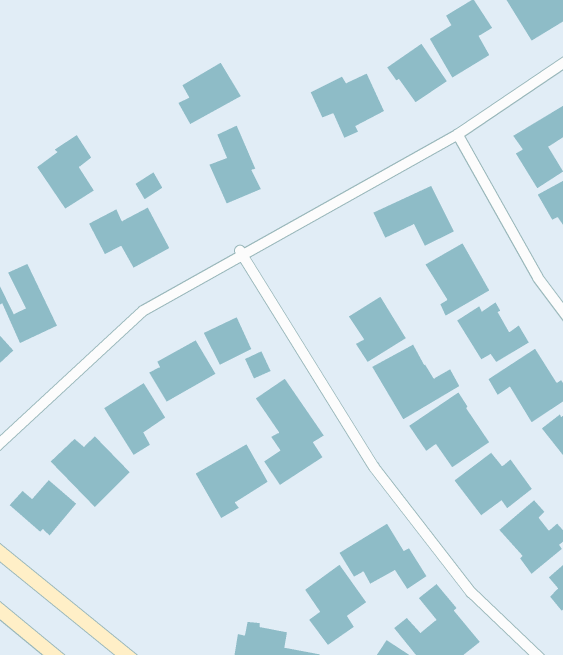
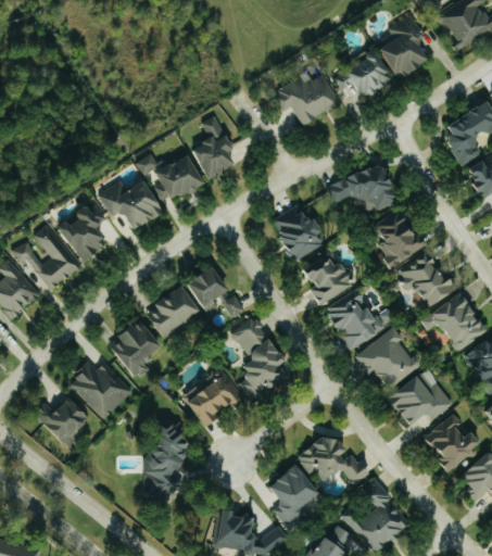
building: [177,62,242,125] -> [155,155,206,205]
building: [36,134,95,210] -> [62,203,109,263]
building: none -> [275,206,324,261]
building: none -> [144,428,186,498]

